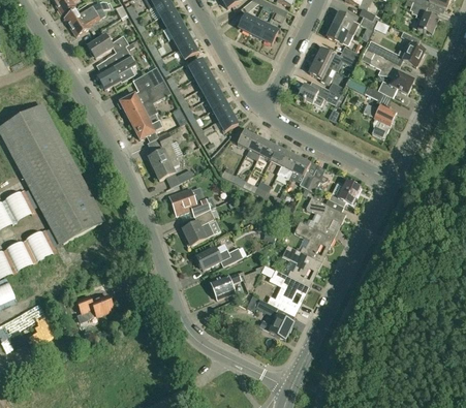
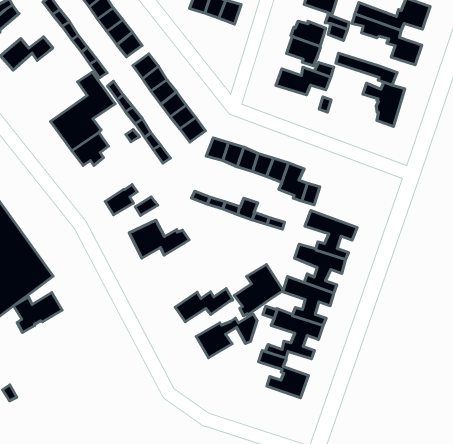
building: [96,45,135,88] -> none
building: [148,131,177,167] -> none
building: [328,179,361,206] -> none
building: [182,208,220,245] -> [234,265,283,316]
building: [75,294,113,322] -> [13,293,62,333]

